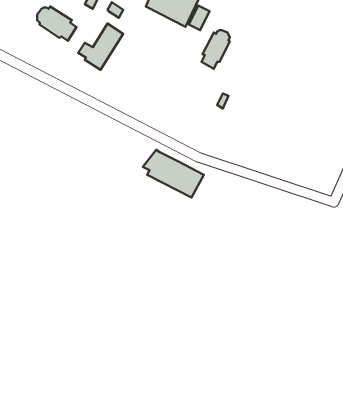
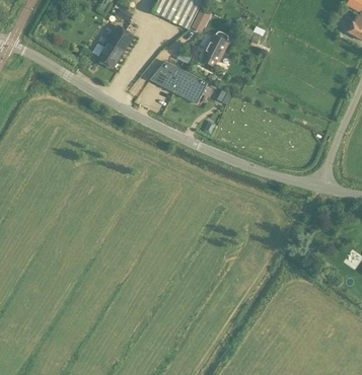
building: [37,6,77,41] -> none
building: [143,150,204,197] -> [151,60,206,102]

